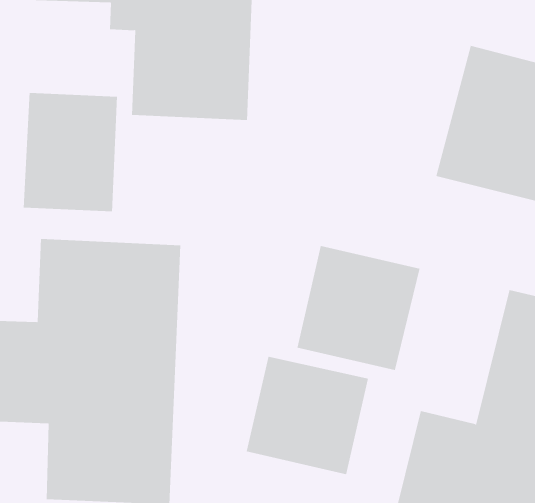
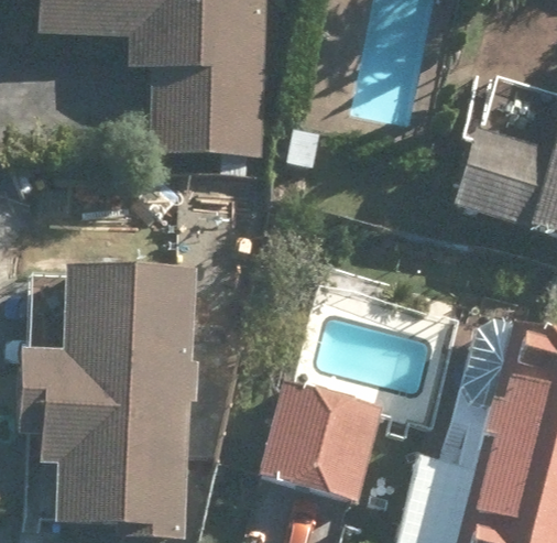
building: [23,92,118,212] -> none
building: [297,245,420,371] -> none

